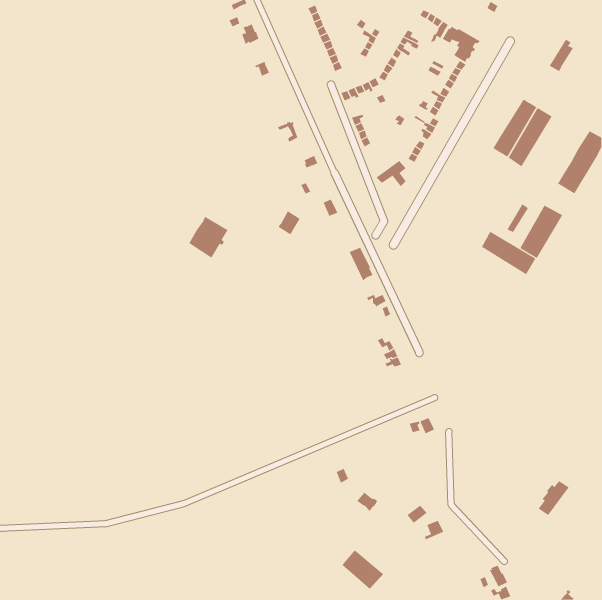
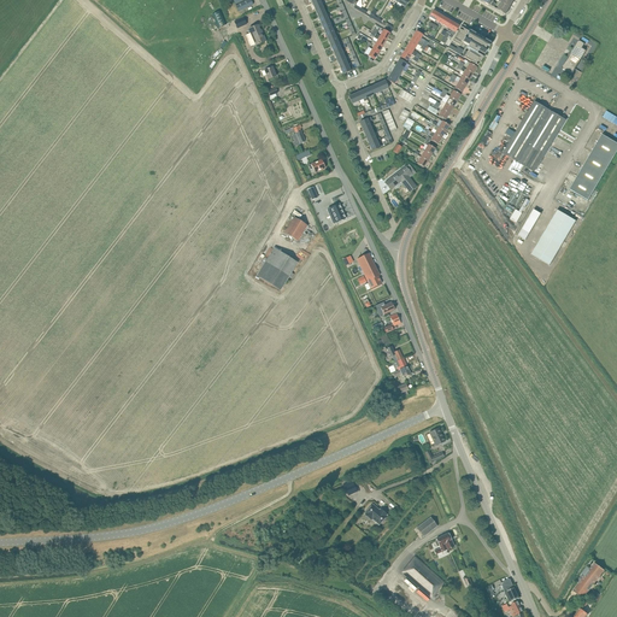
building: [188,216,228,259] -> [257,247,298,290]
building: [481,231,536,275] -> none
building: [538,480,570,516] -> [572,562,605,598]
building: [342,550,384,590] -> [401,556,445,597]

